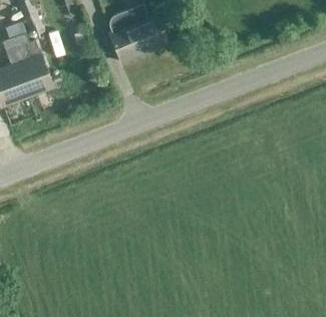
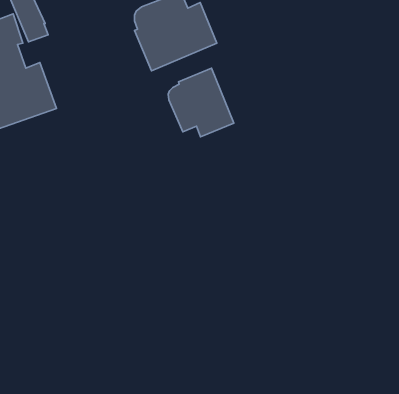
building: none -> [168,68,234,137]

